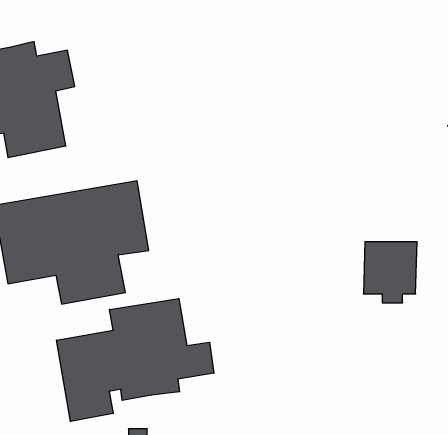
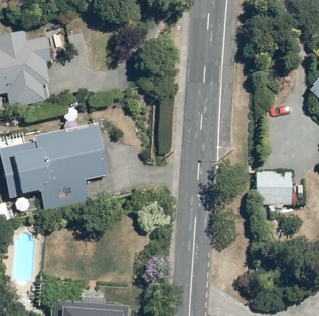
building: [57,298,214,422] -> none

